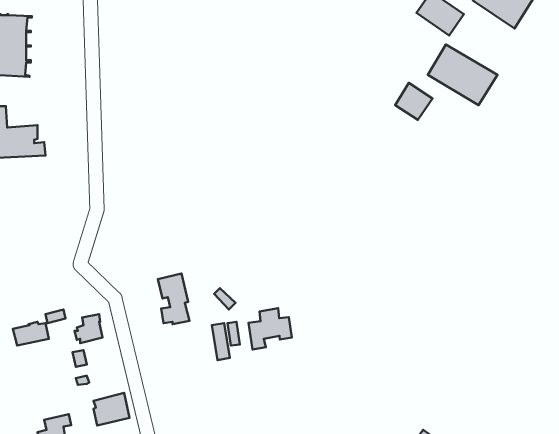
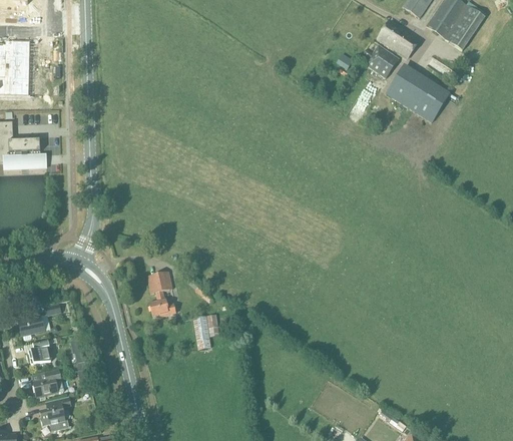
building: [395,83,432,120] -> [366,44,399,77]
building: [248,308,292,349] -> none
building: [74,314,103,343] -> [25,339,50,365]
building: [94,393,130,426] -> [32,368,64,397]

